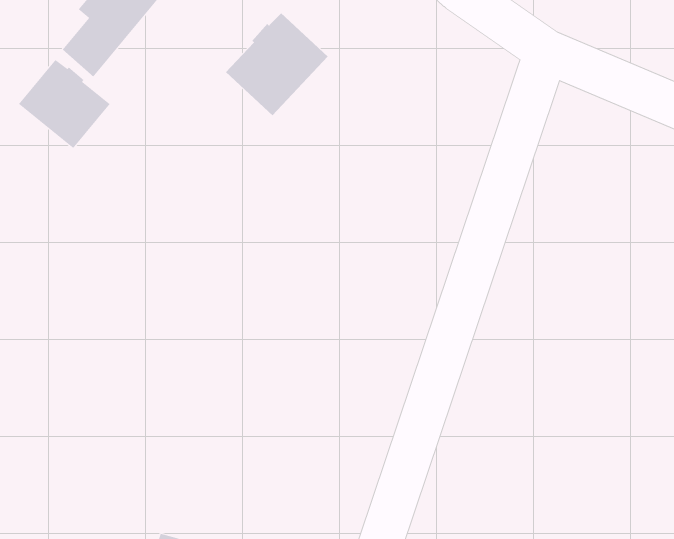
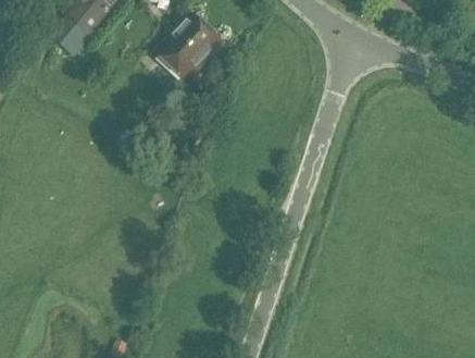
building: [18,59,110,149] -> none

